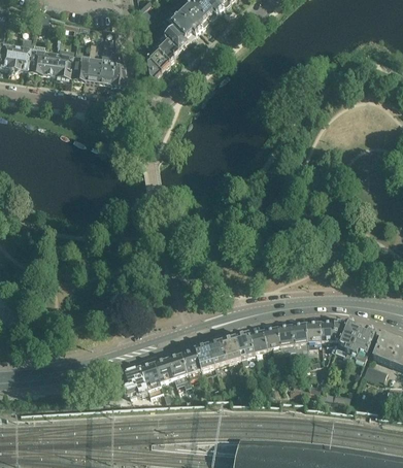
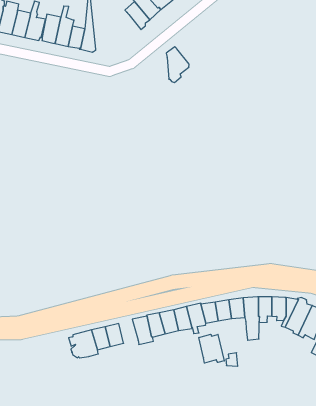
building: [146,44,170,80] -> [166,47,189,83]
building: [167,353,191,386] -> none
building: none -> [199,334,224,363]

